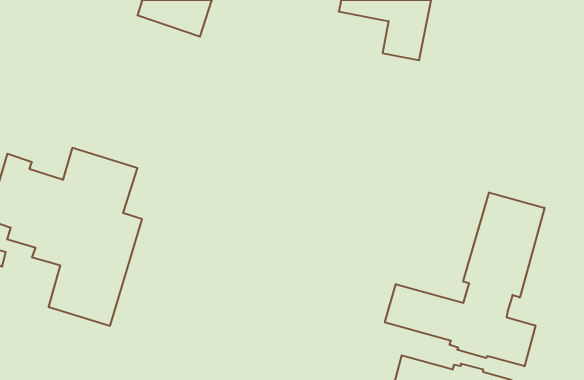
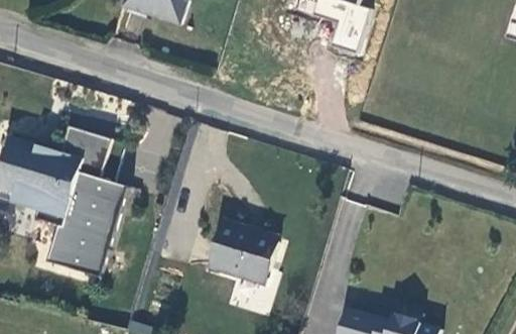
building: [385,192,545,366] -> none
building: none -> [208,222,274,284]

